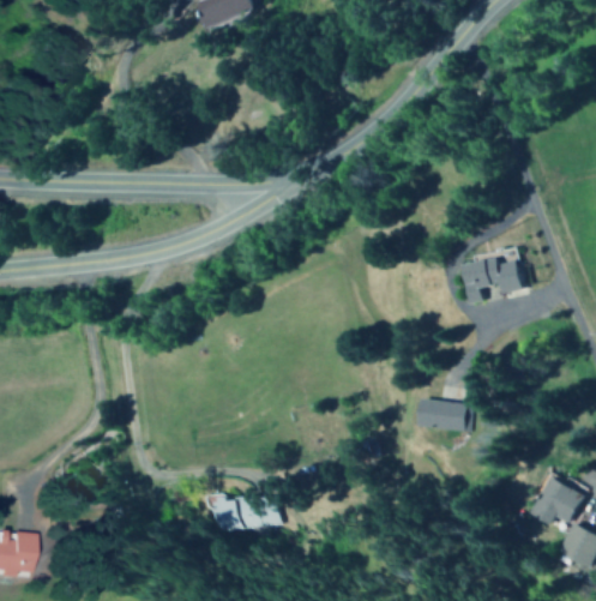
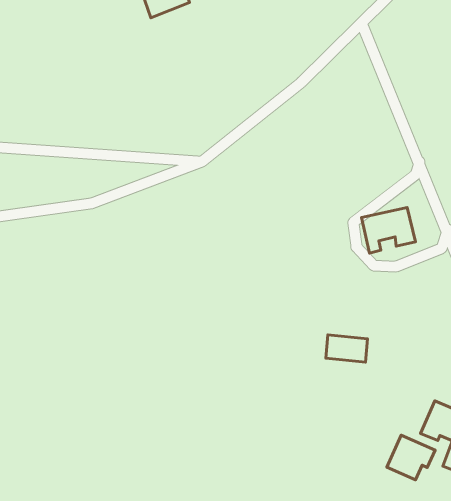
building: [209,495,276,530] -> none
building: none -> [387,435,435,480]

